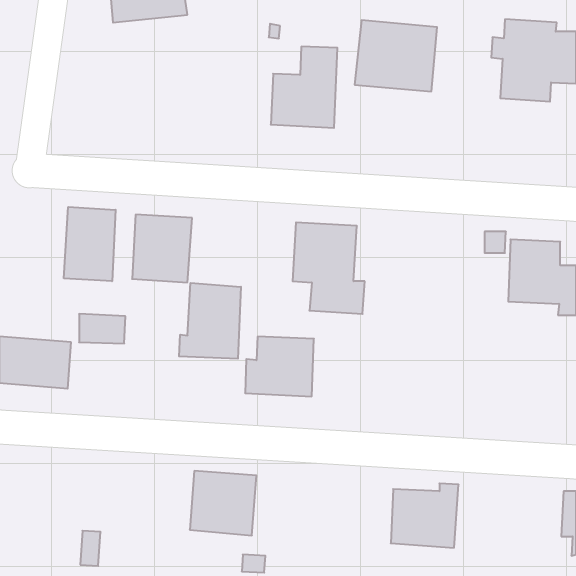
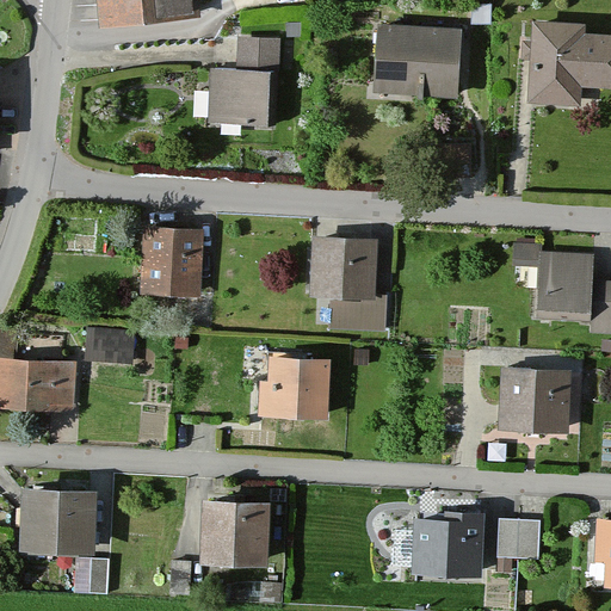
building: [271,47,337,128] -> [204,38,274,124]
building: [64,207,116,281] -> none
building: [179,283,241,359] -> none
building: none -> [501,368,573,432]
building: none -> [20,487,100,551]
building: none -> [493,521,537,563]

